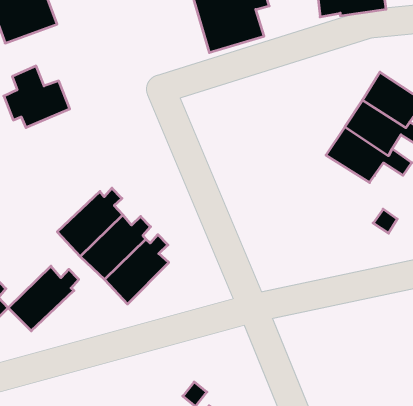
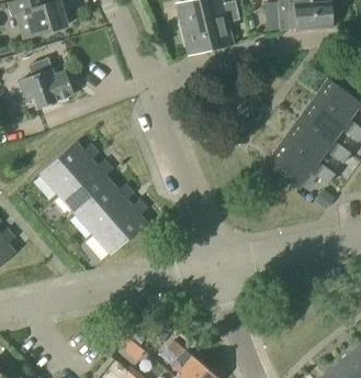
building: none -> [263,143,332,189]
building: [8,266,79,331] -> [41,142,99,193]

